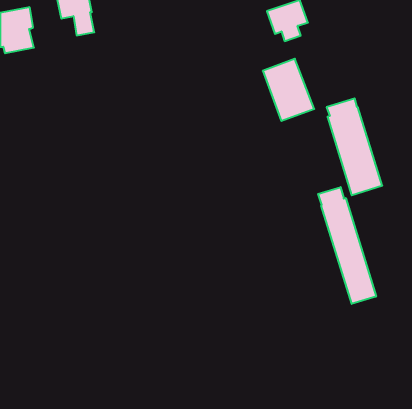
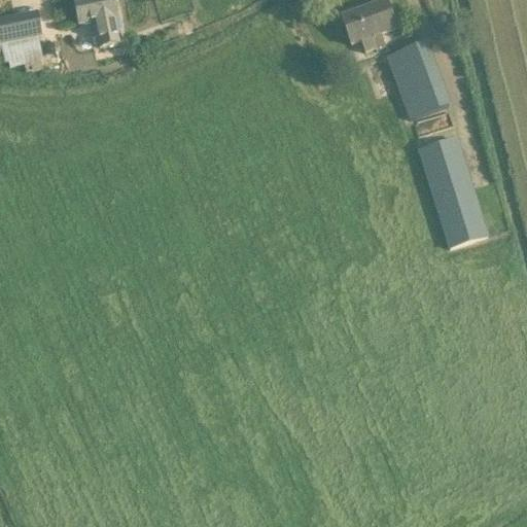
building: [263,59,314,121] -> [385,40,451,119]
building: [318,187,376,304] -> none

